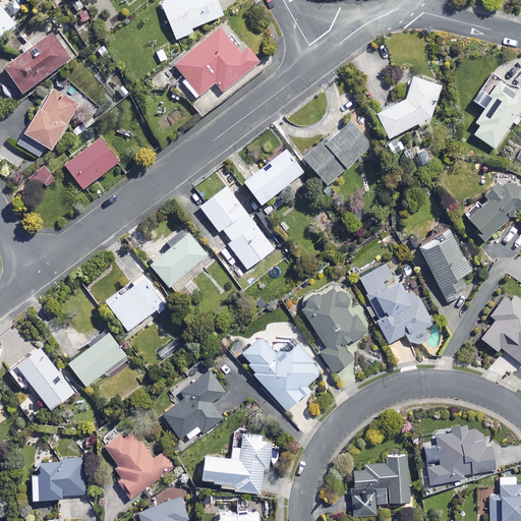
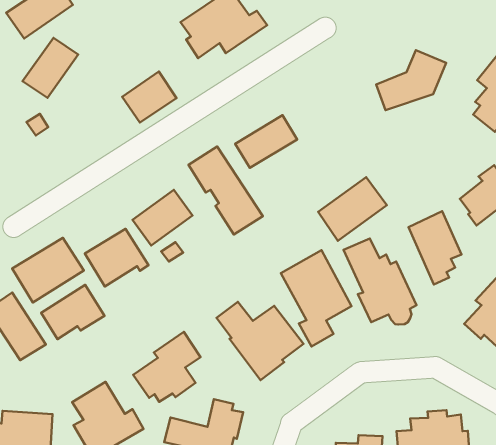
building: [303,120,369,184] -> [318,177,387,241]
building: [69,140,122,191] -> [122,72,176,122]
building: none -> [12,238,84,302]

